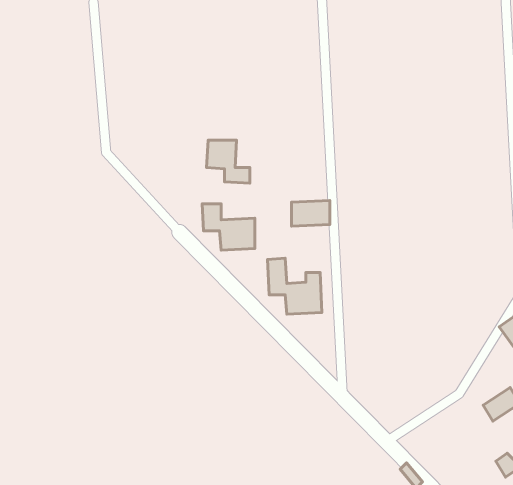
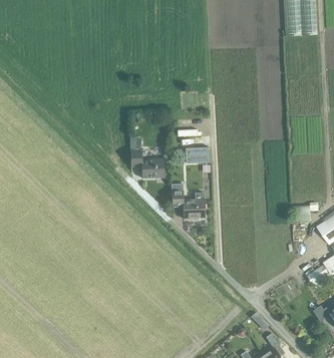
building: [207,140,250,183] -> none

